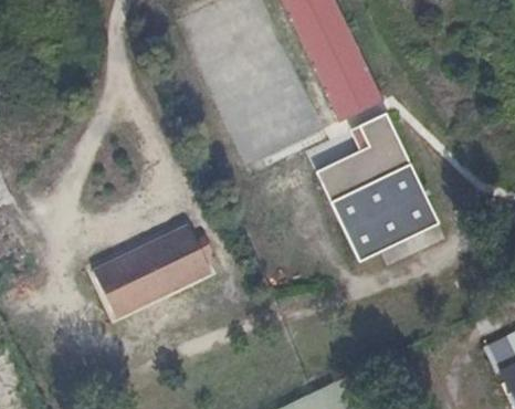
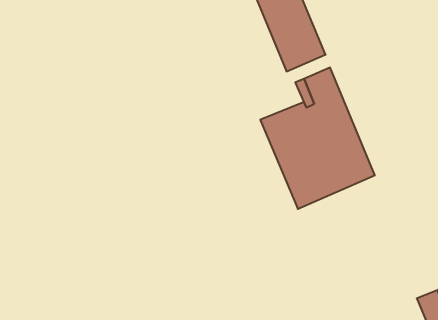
building: [94,218,212,311] -> none

